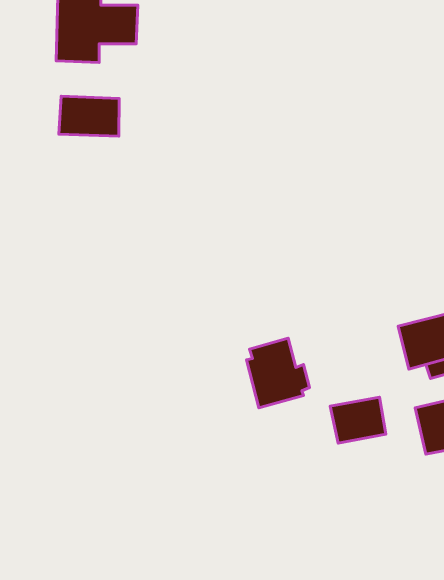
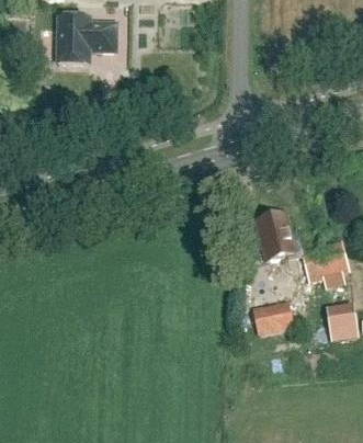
building: [59,96,119,136] -> none
building: [246,338,310,408] -> [257,212,302,261]

